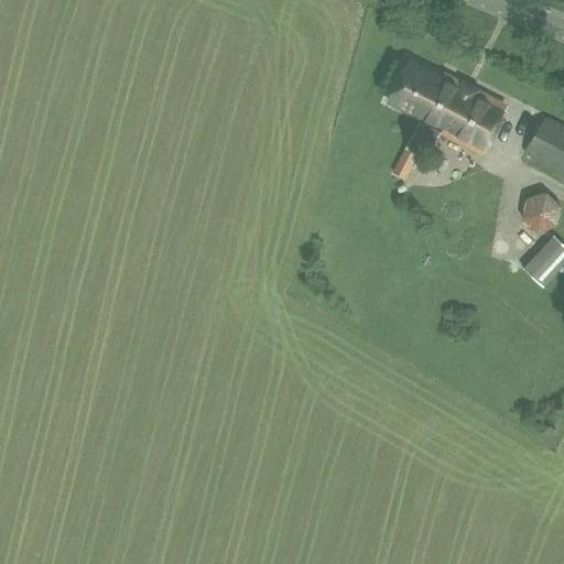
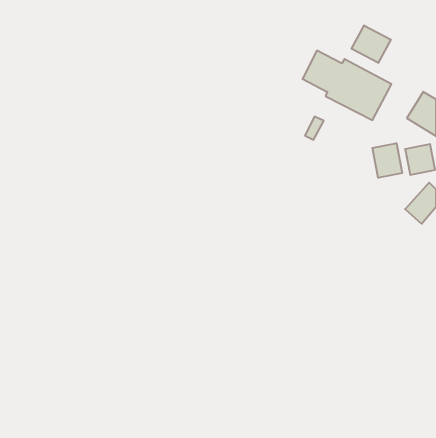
building: none -> [352,25,391,63]
building: none -> [372,143,402,178]

